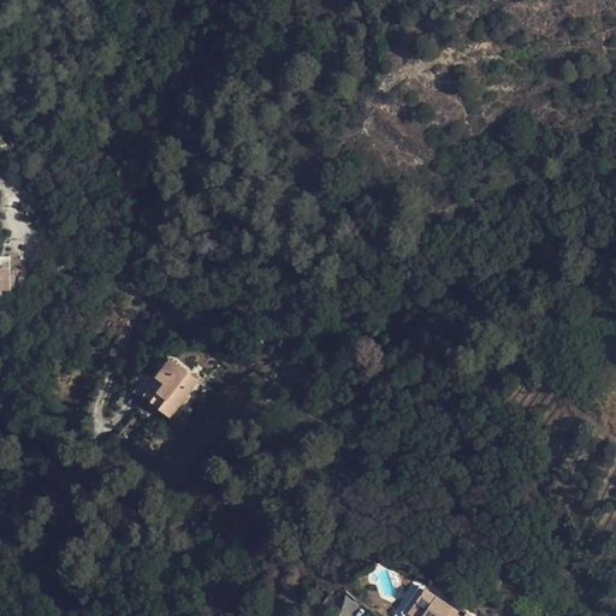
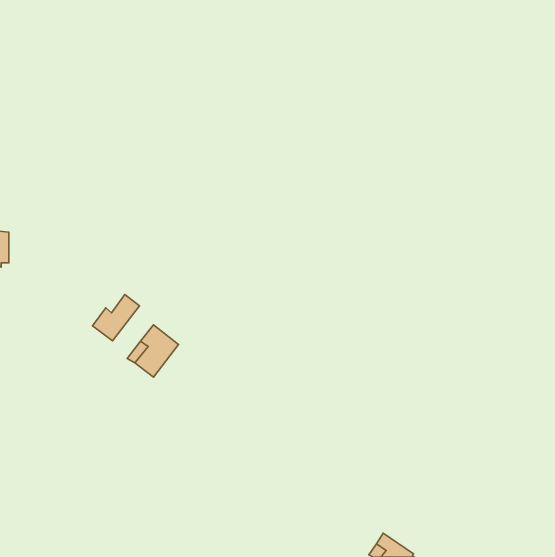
building: none -> [92,295,139,341]

